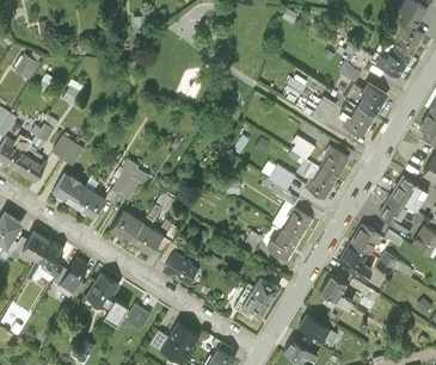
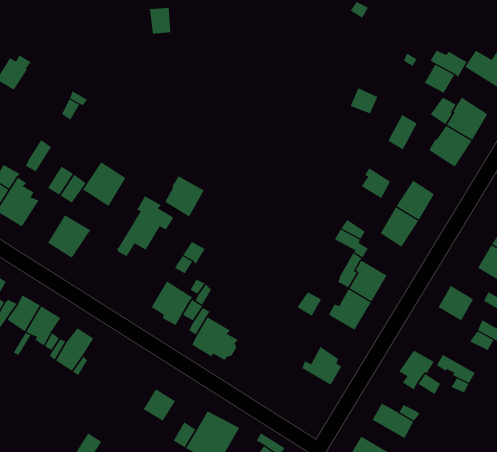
building: none -> [164,176,204,217]
building: [72,184,106,218] -> [82,161,128,207]
building: [110,210,143,242] -> none
building: [338,242,370,277] -> none
building: [85,273,128,324] -> none
building: [234,289,269,317] -> none

